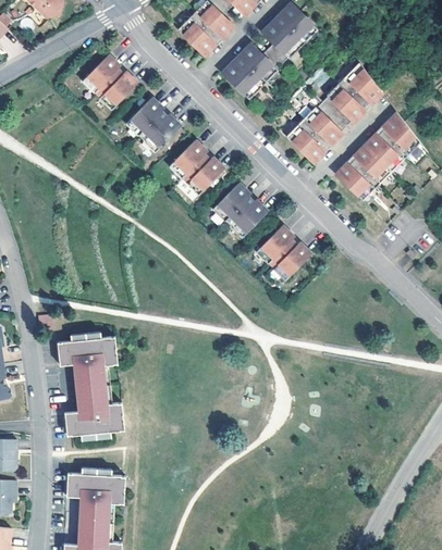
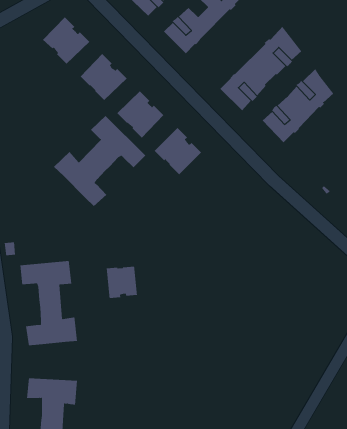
building: none -> [53,115,146,207]
building: [256,224,311,279] -> none
building: none -> [106,266,138,299]

